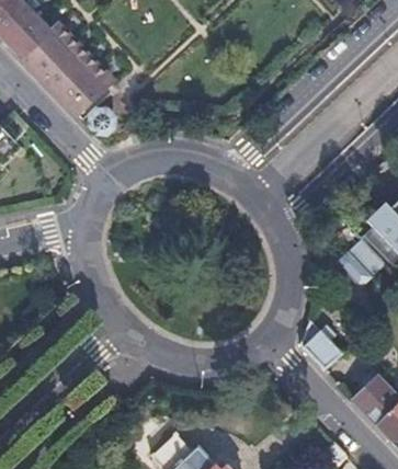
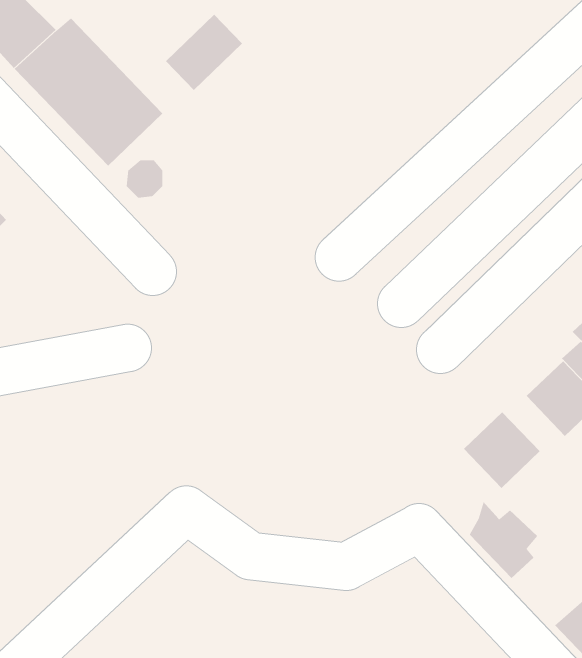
building: none -> [165,14,243,91]
building: none -> [463,411,540,489]

